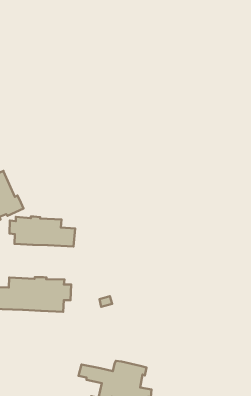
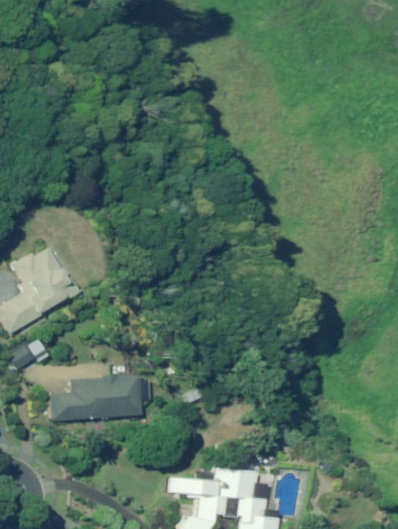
building: [9,217,75,247] -> none

